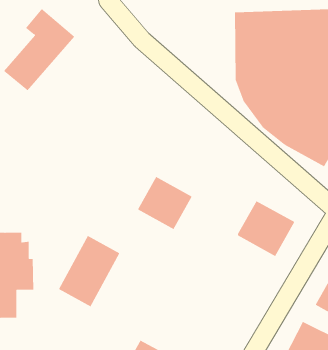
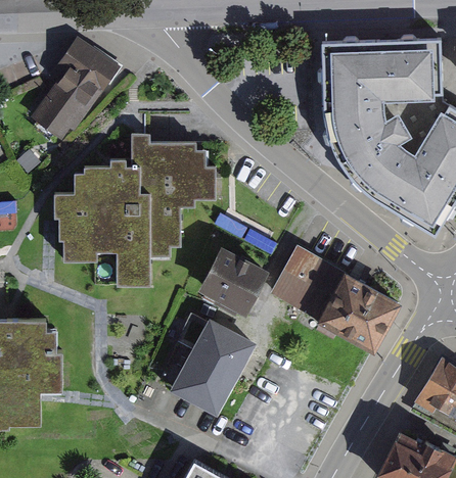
building: none -> [58,133,219,284]
building: none -> [270,250,345,321]
building: [58,235,120,307] -> [171,323,248,413]

